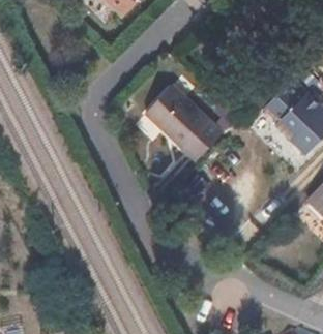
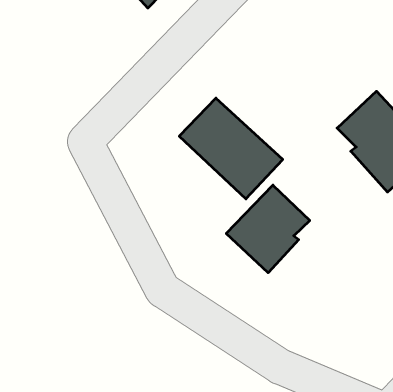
building: none -> [226,185,310,273]

